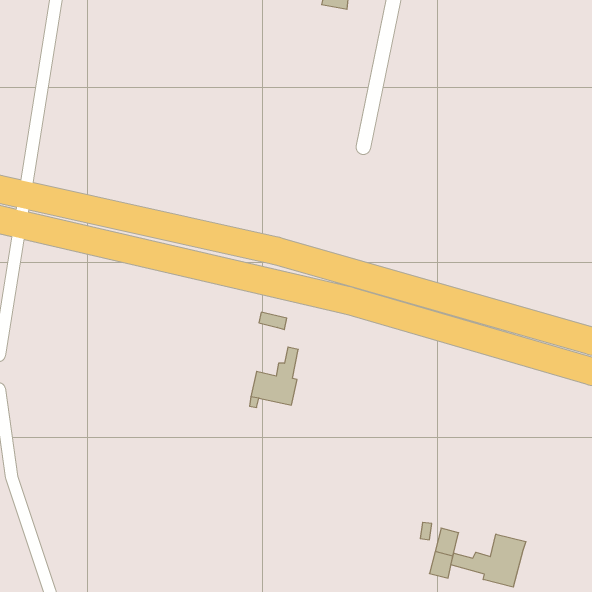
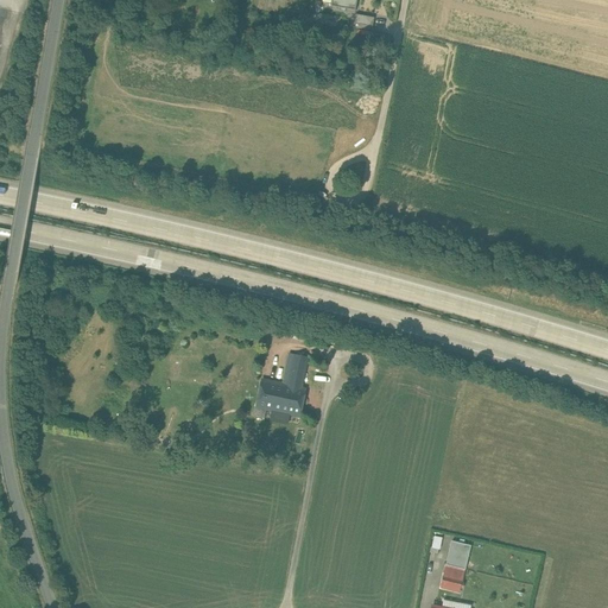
building: [451,534,526,587] -> none

